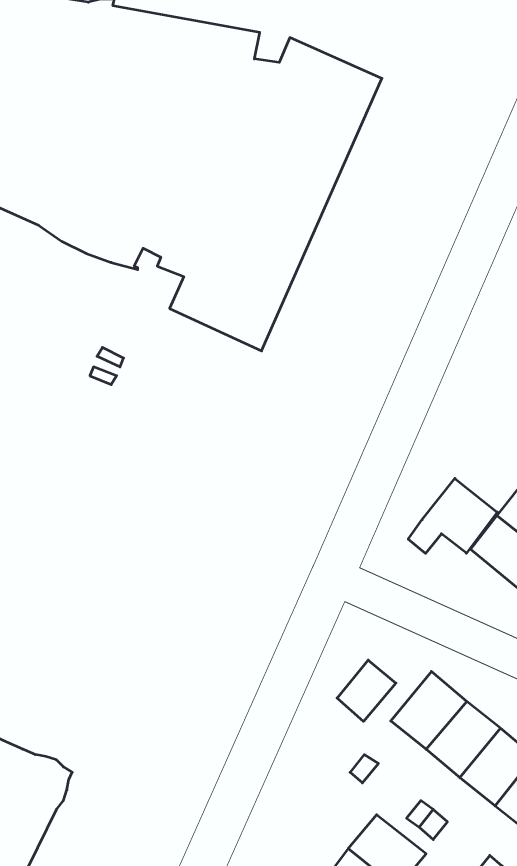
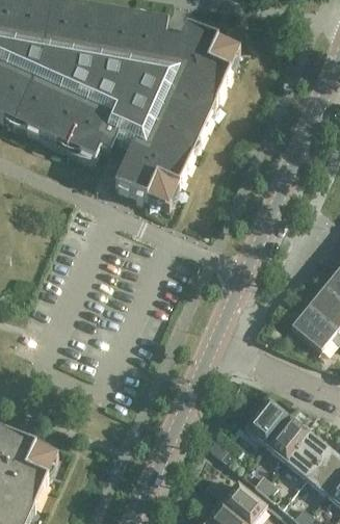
building: [408,478,497,553] -> none
building: [337,660,396,721] -> none

